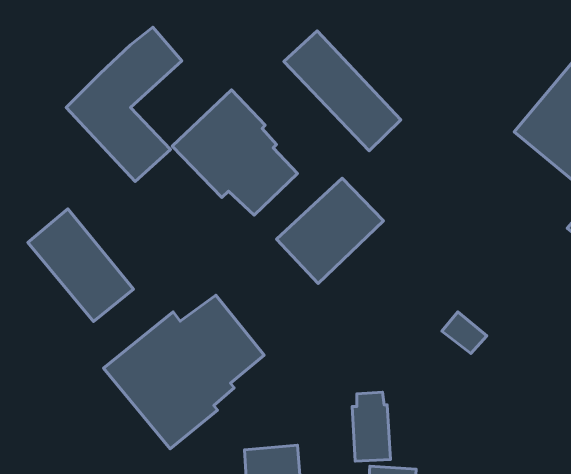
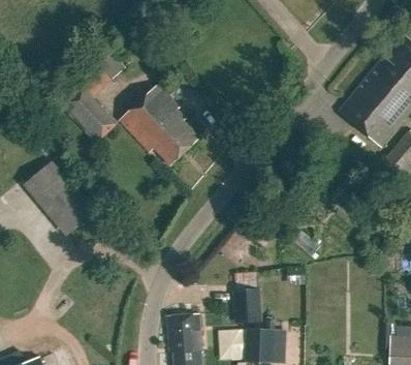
building: [284,31,401,151] -> none
building: [277,178,384,283] -> none
building: [103,295,264,449] -> none

